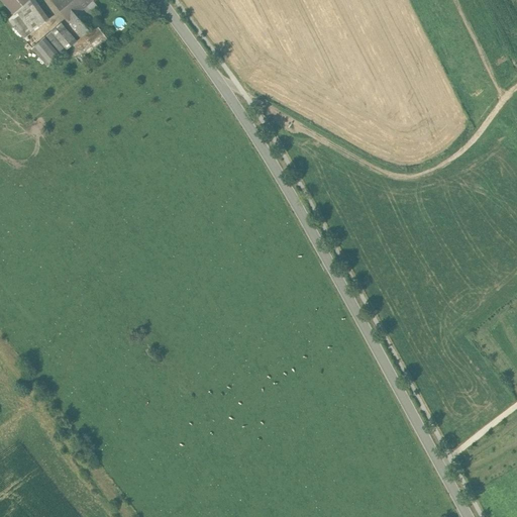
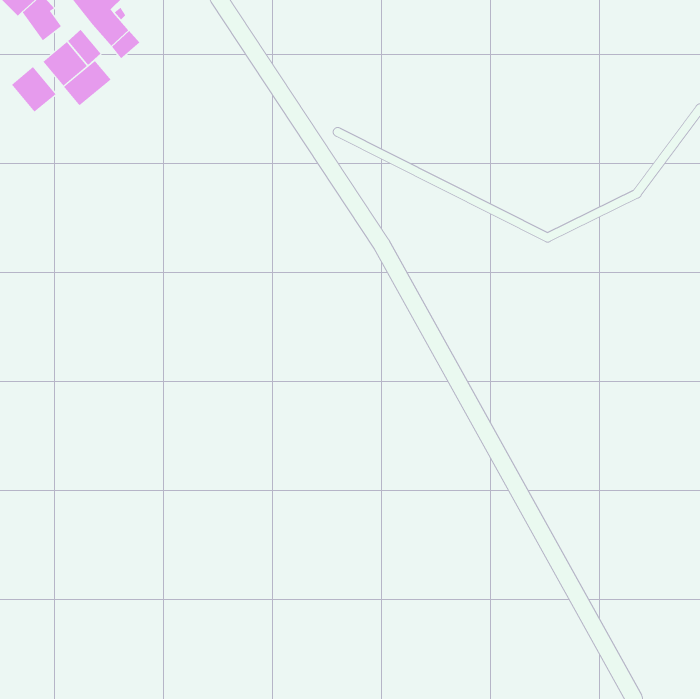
building: none -> [63,60,111,106]
building: none -> [11,66,56,113]

